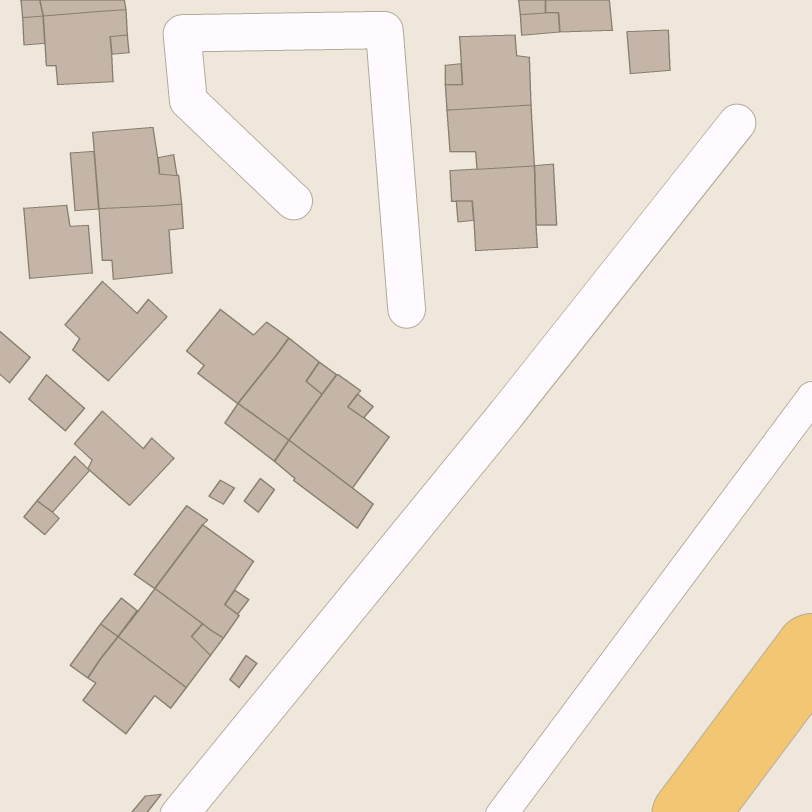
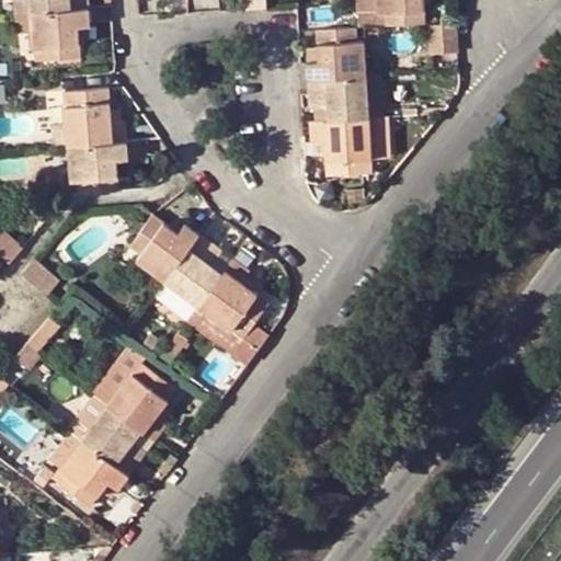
building: [24,205,92,279] -> none
building: [65,281,167,381] -> none
building: [75,411,174,505] -> none

